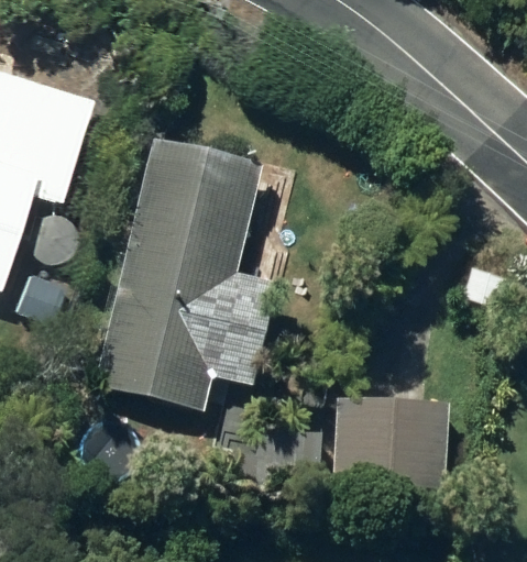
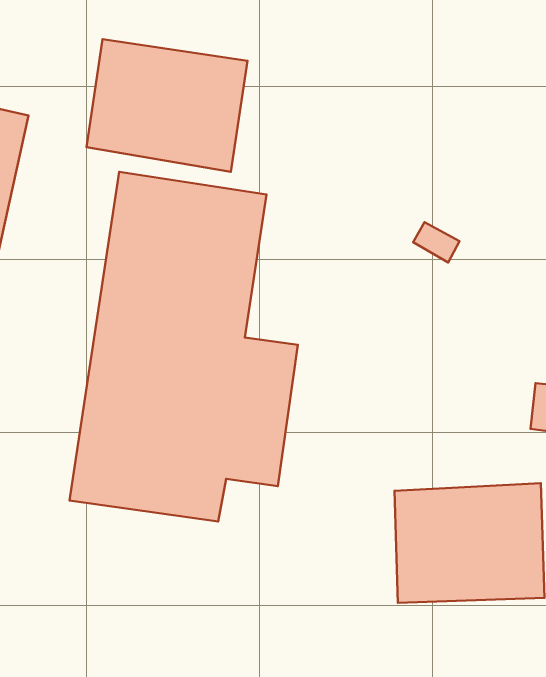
building: none -> [86,39,247,172]

